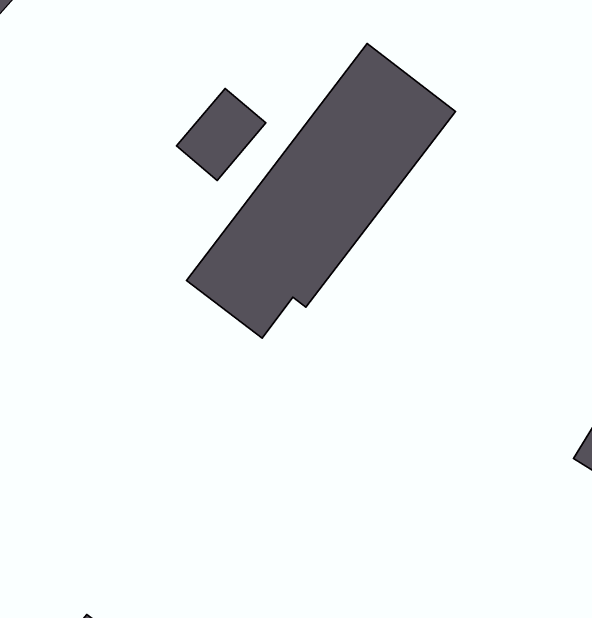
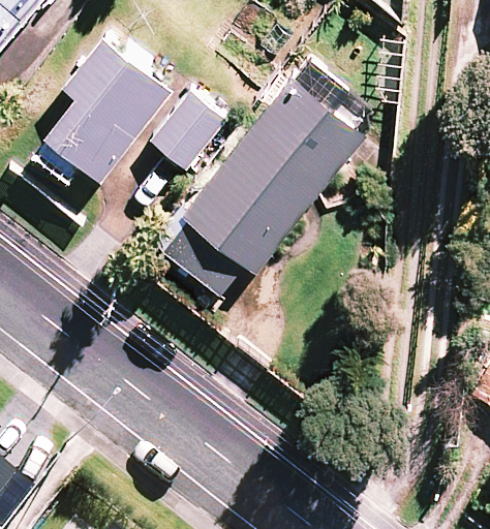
building: none -> [32,36,172,196]

